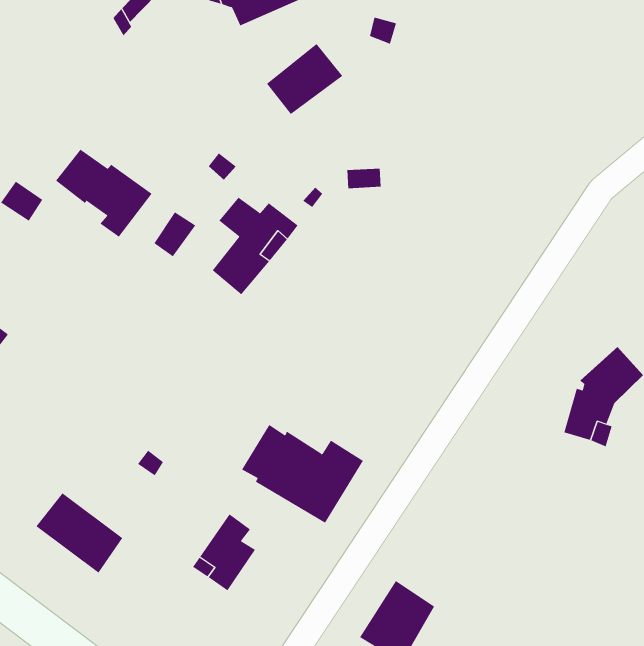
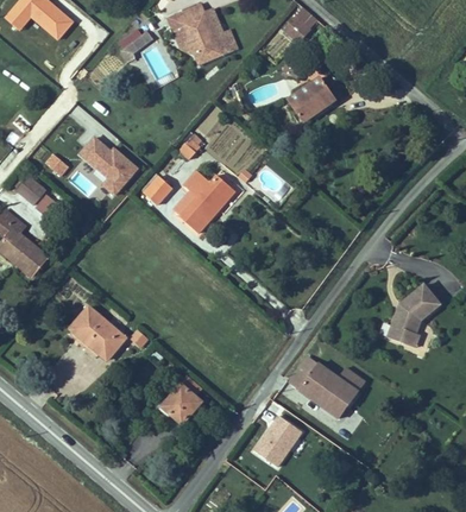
building: [266,43,343,115] -> [284,78,333,122]
building: [241,424,364,523] -> [286,354,364,418]
building: [35,492,123,574] -> [61,305,115,358]

